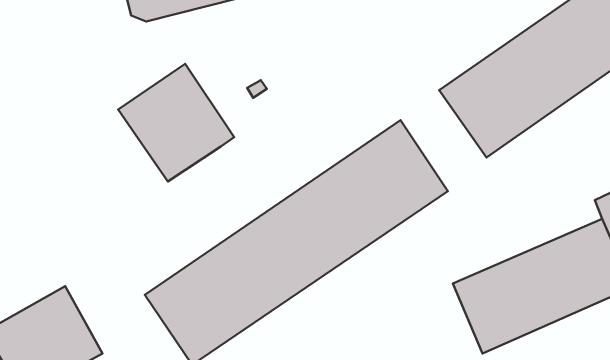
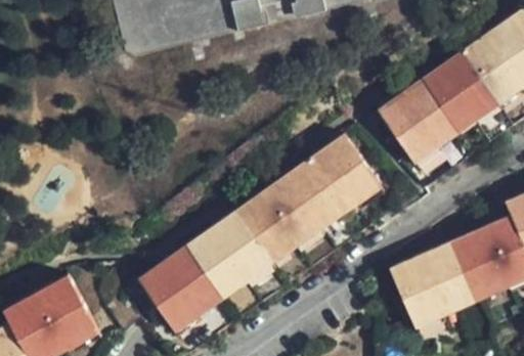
building: [118,64,234,182] -> none

